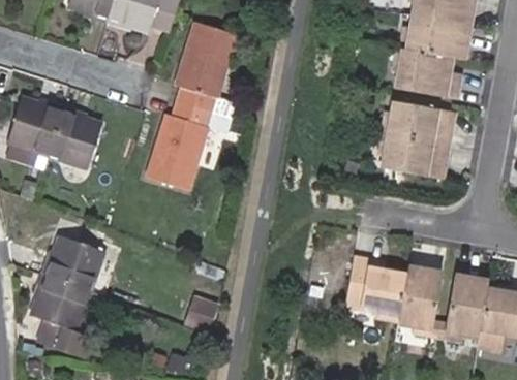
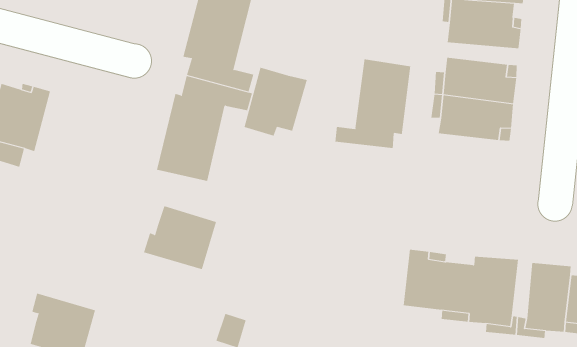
building: none -> [335,59,411,149]
building: none -> [244,67,307,137]
building: [47,107,102,169] -> none
building: [40,236,103,292] -> [143,205,217,270]

